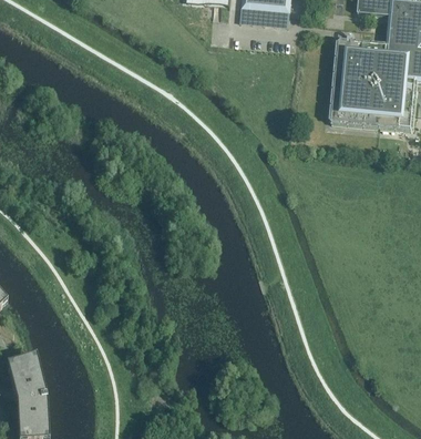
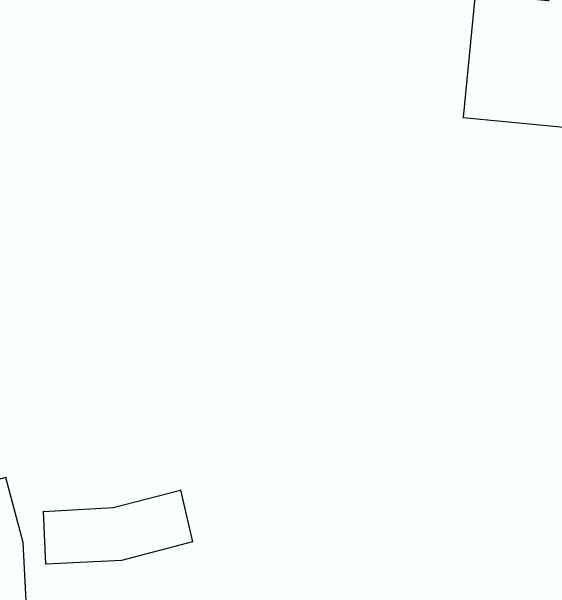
building: none -> [43,490,193,564]

